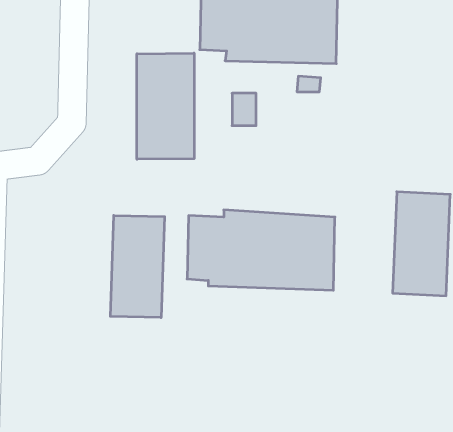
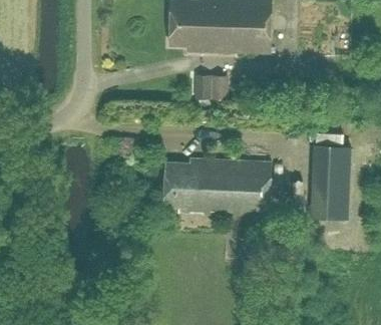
building: [137,53,194,159] -> none
building: [110,215,165,318] -> none

